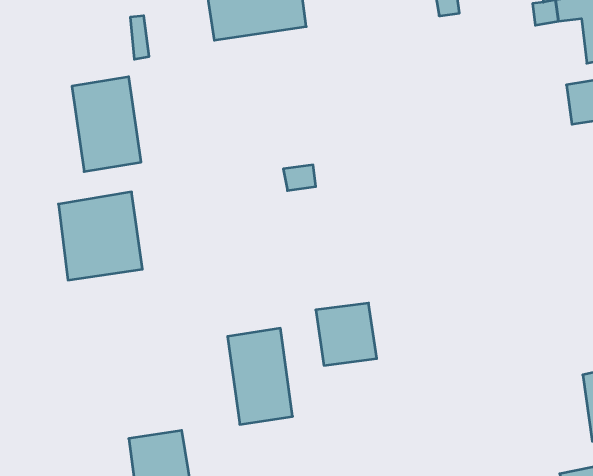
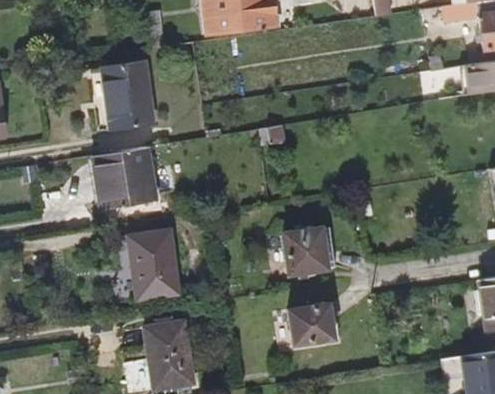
building: [228,328,293,424] -> [132,229,180,300]
building: none -> [290,303,335,343]

